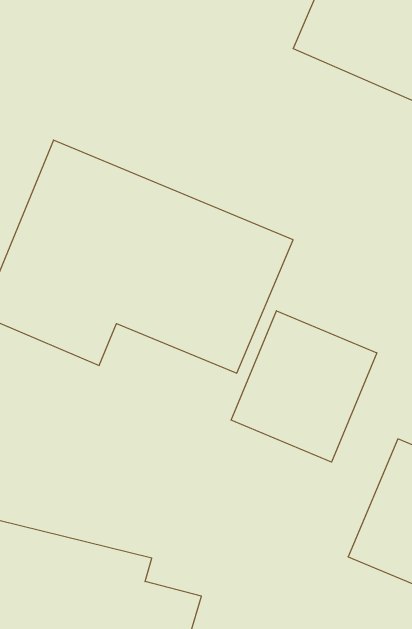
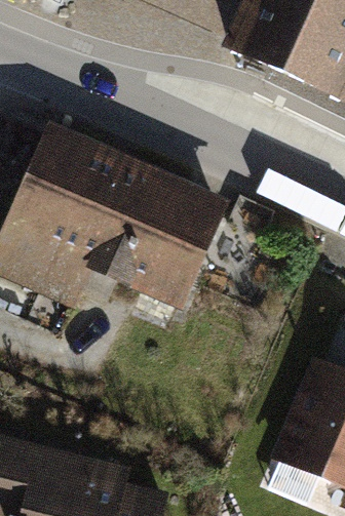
building: [231,311,377,462] -> none

